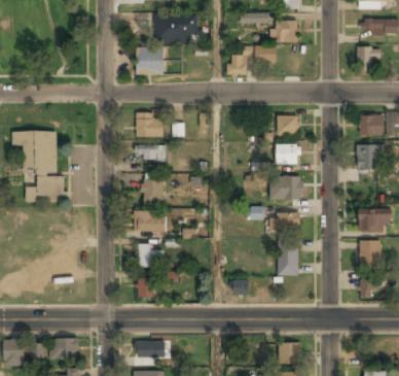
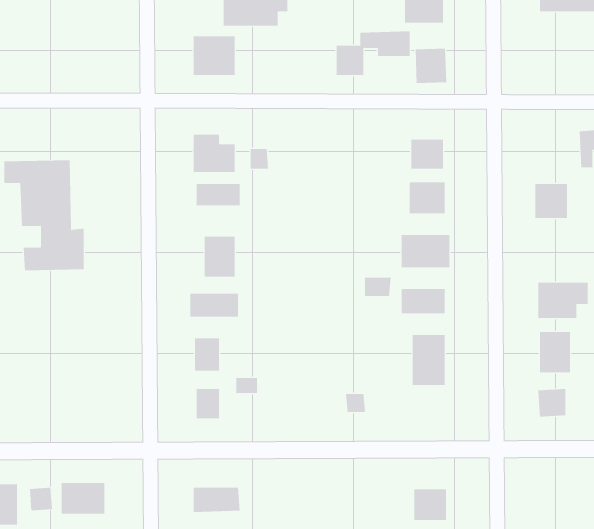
building: [358,47,380,70] -> none
building: none -> [415,48,447,84]
building: [359,116,385,135] -> none

